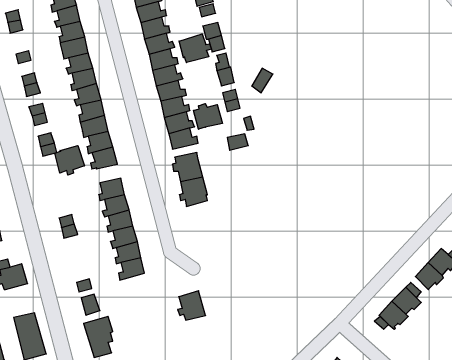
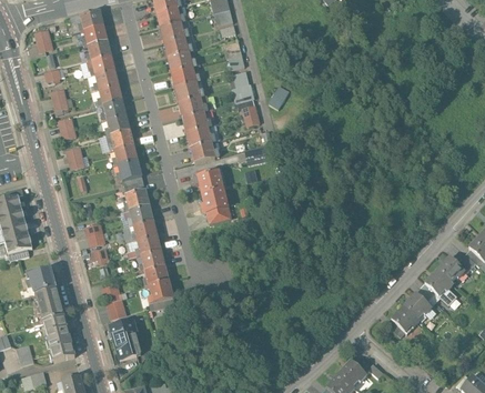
building: [179,34,211,63] -> none
building: [194,104,222,129] -> none
building: [55,146,84,175] -> none
building: none -> [36,290,63,322]
building: [178,291,206,320] -> [148,280,174,308]

